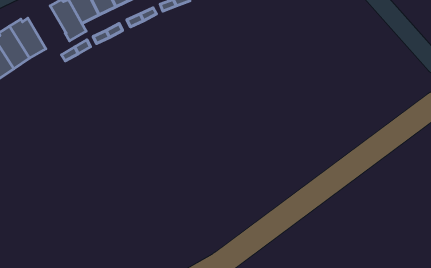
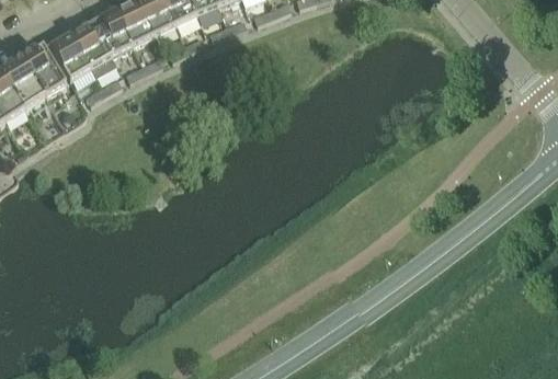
building: none -> [49,32,91,78]

